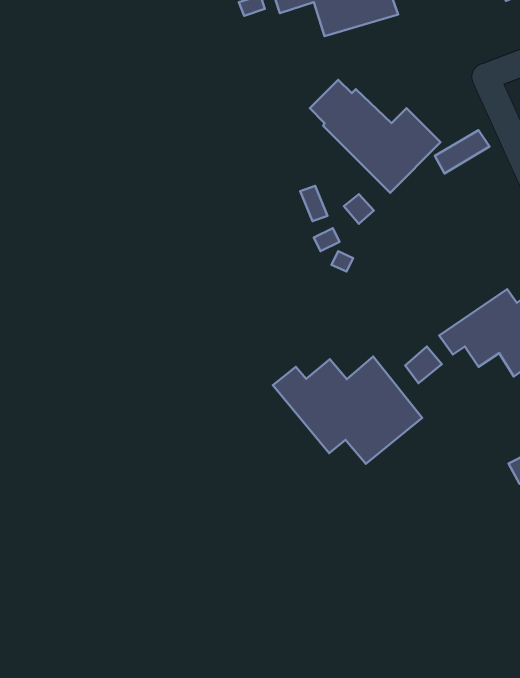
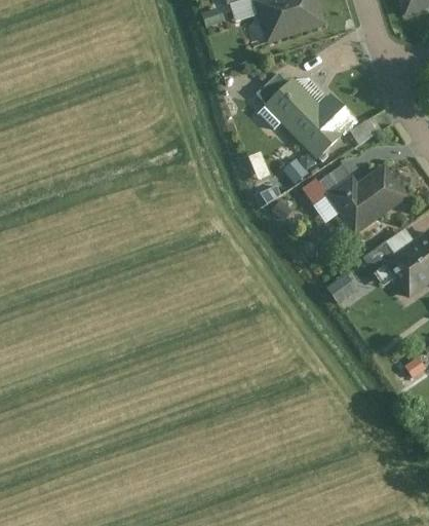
building: none -> [307,163,407,233]
building: [273,356,422,464] -> none

